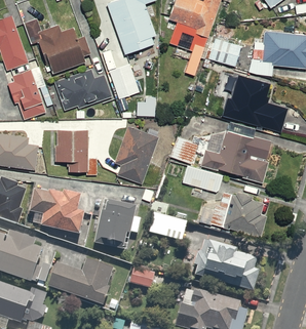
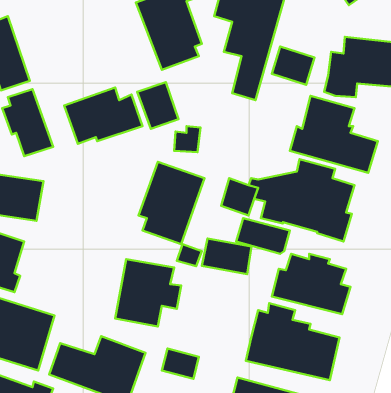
building: [25,18,93,74] -> none
building: [53,126,95,172] -> none
building: [29,183,86,232] -> none
building: [150,212,187,239] -> [202,238,251,274]

